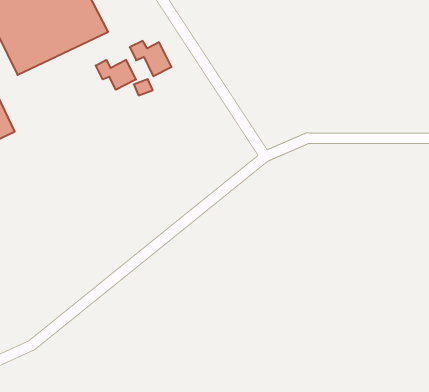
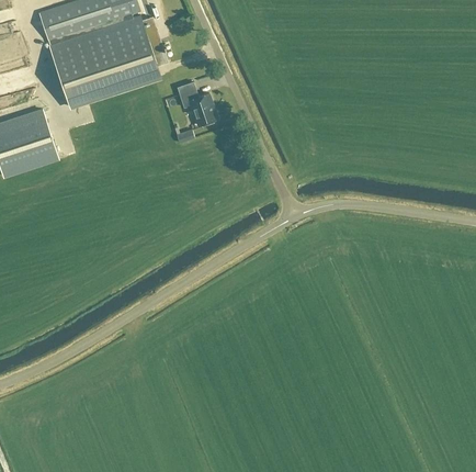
building: [96,60,136,90] -> none

